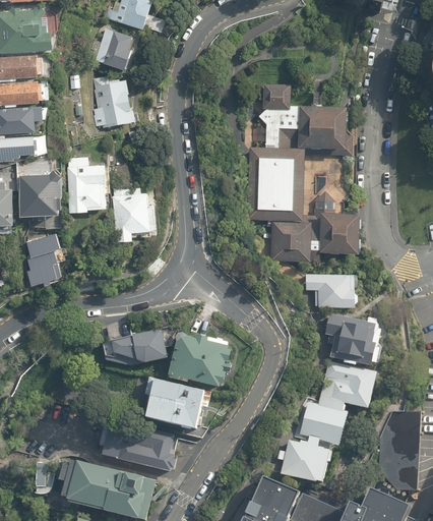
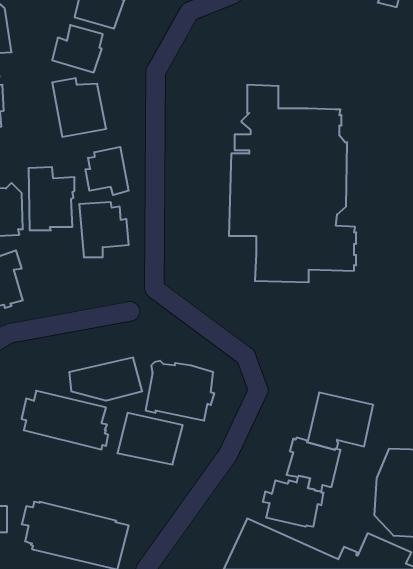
building: none -> [85,147,129,195]
building: [306,272,358,306] -> none
building: [324,313,382,366] -> none
building: [99,419,177,472] -> [22,391,108,449]

